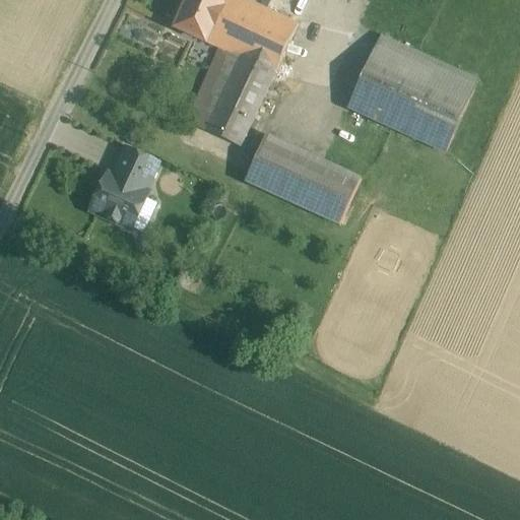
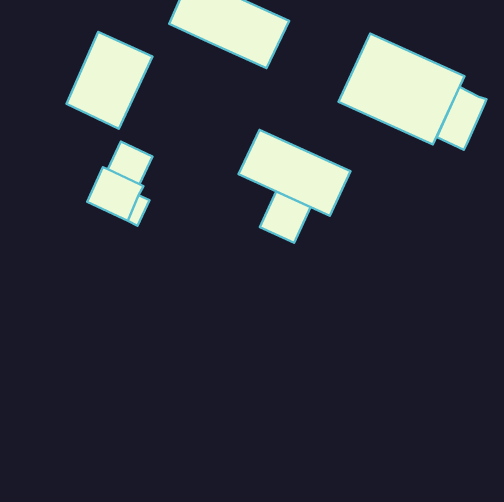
building: [185,45,273,144] -> [66,32,153,129]
building: none -> [437,87,487,150]
building: none -> [260,191,311,243]

